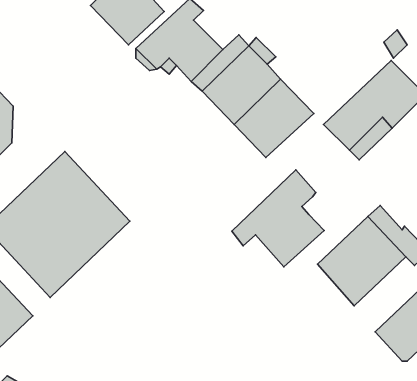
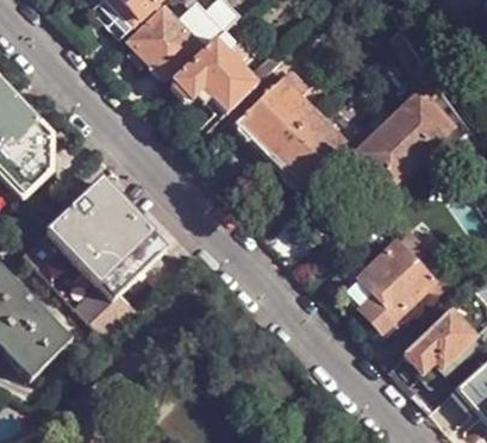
building: [232,170,324,267] -> none

